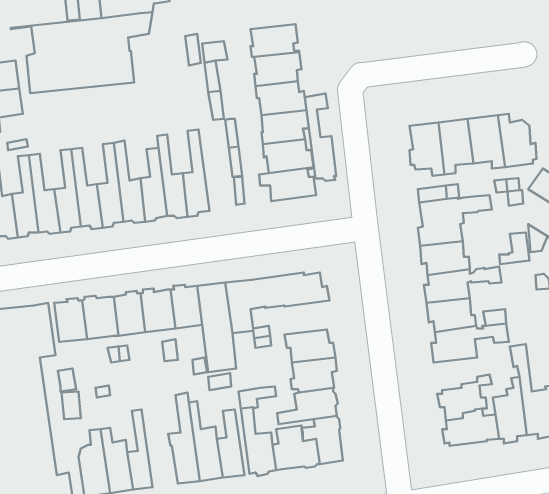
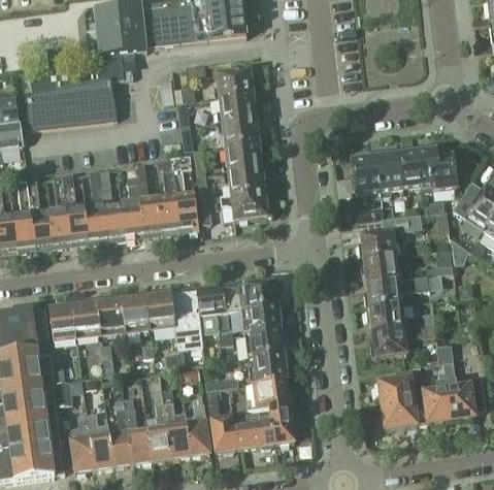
building: [305,94,336,181] -> [171,156,198,230]
building: none -> [243,304,284,333]
building: none -> [123,396,154,463]

